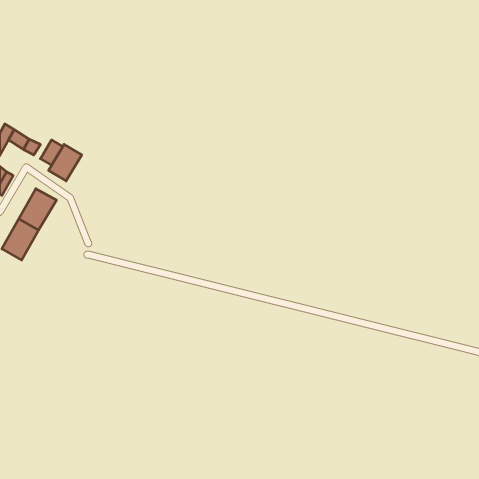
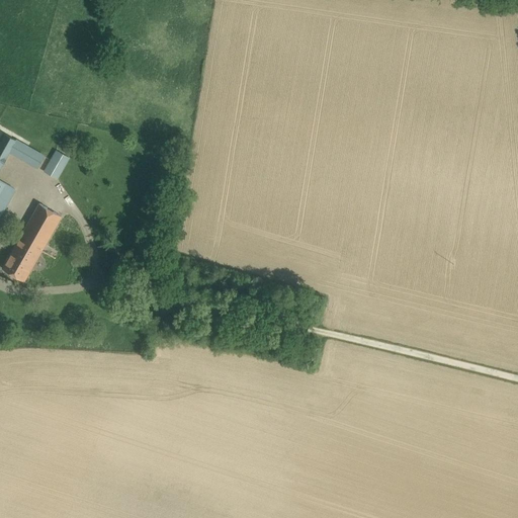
building: [49,144,82,181] -> none

